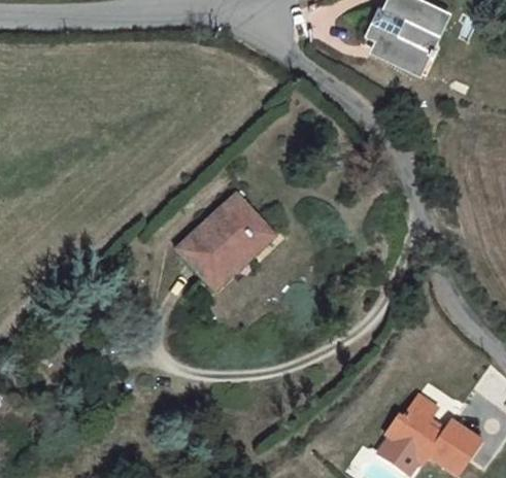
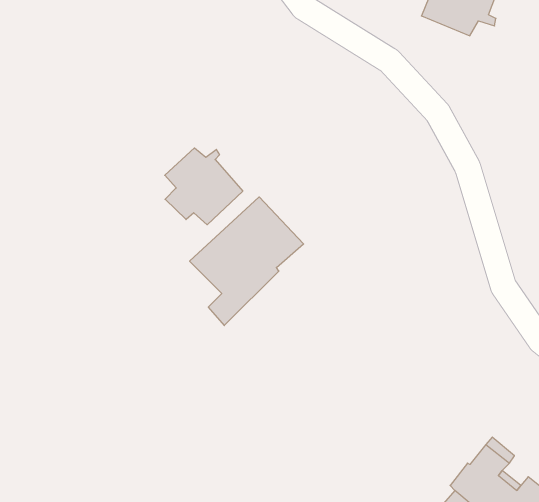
building: none -> [165,148,243,225]

